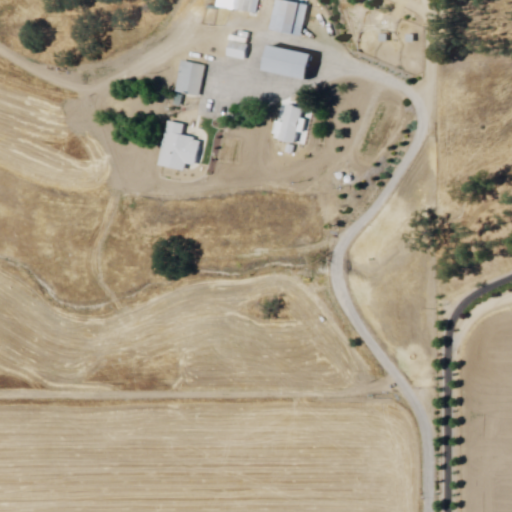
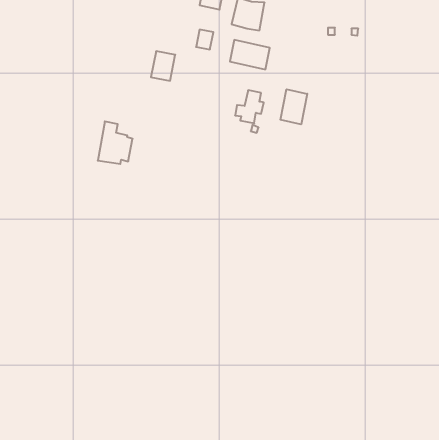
building: none -> [280,89,307,124]
building: [160,120,200,169] -> [98,121,133,164]

